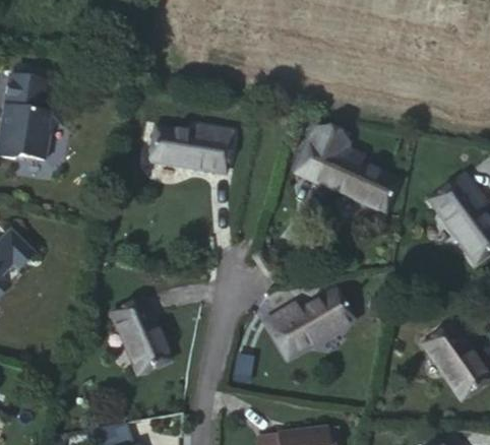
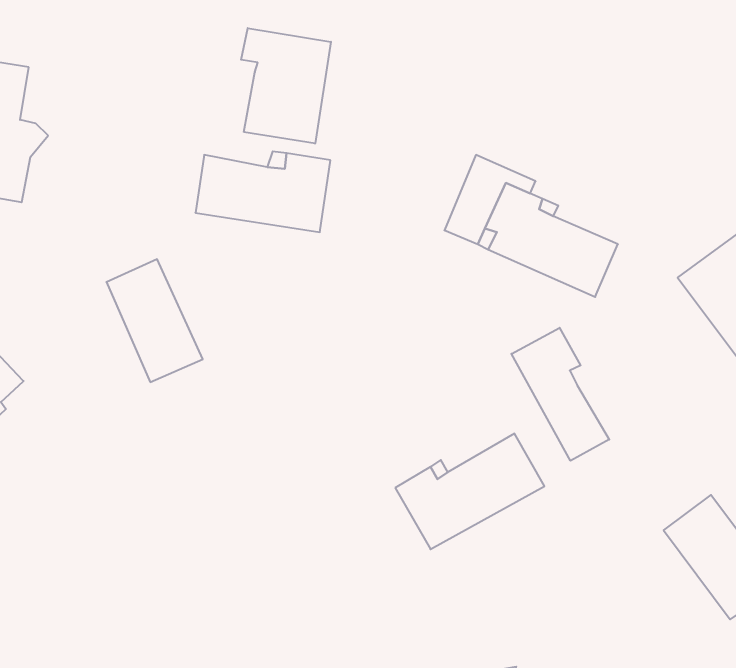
building: none -> [241,28,331,144]
building: none -> [511,328,609,461]
building: [110,300,166,371] -> [106,259,203,382]

